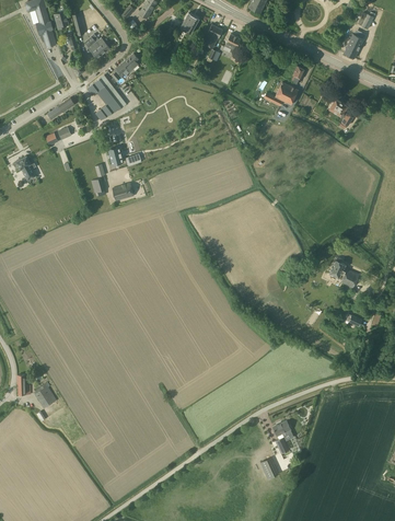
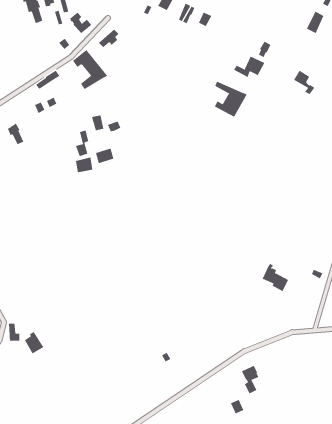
building: none -> [214,81,248,118]
building: [329,256,359,288] -> [262,263,289,292]

